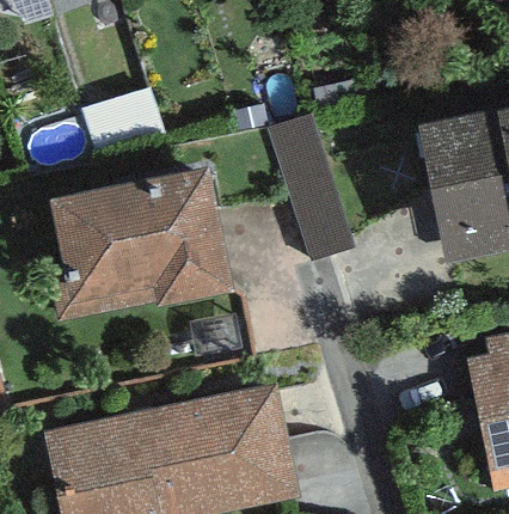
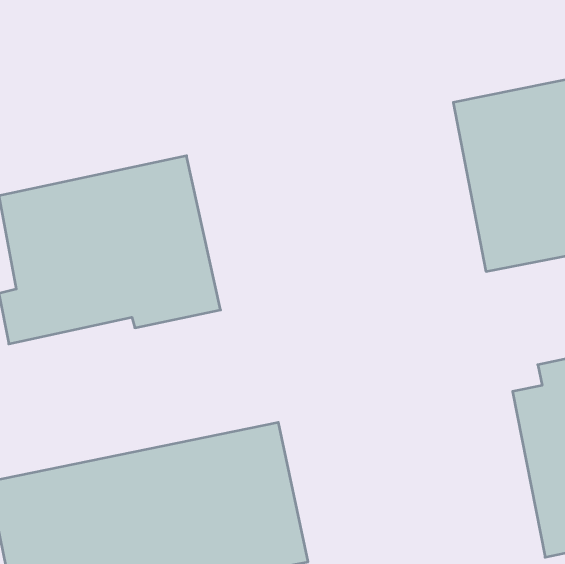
building: [266,114,354,262] -> none

